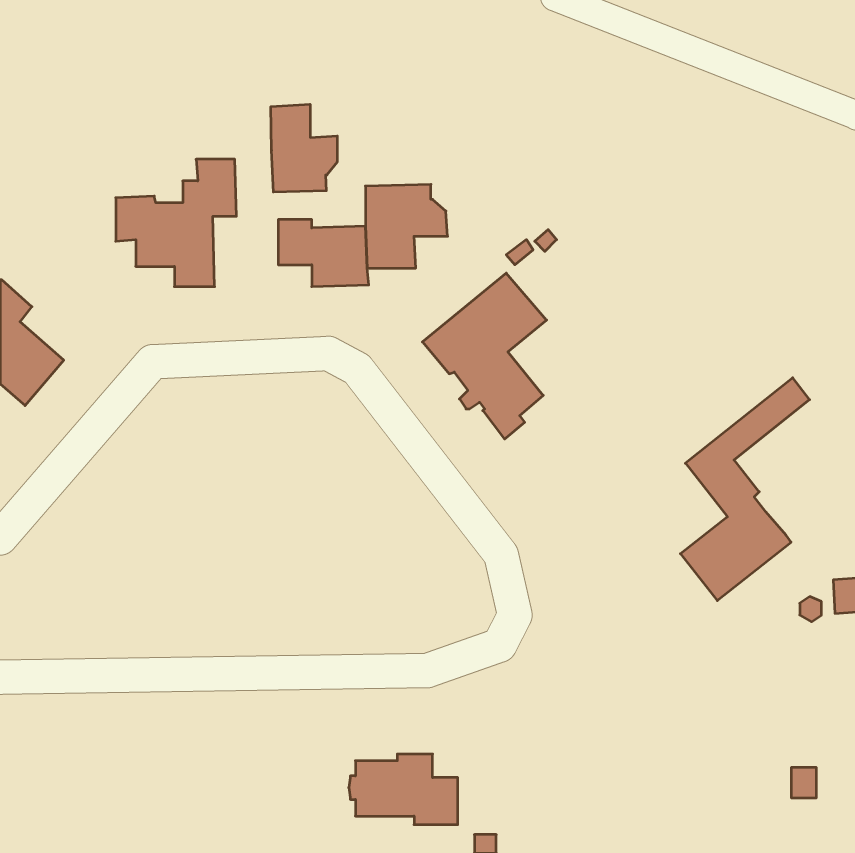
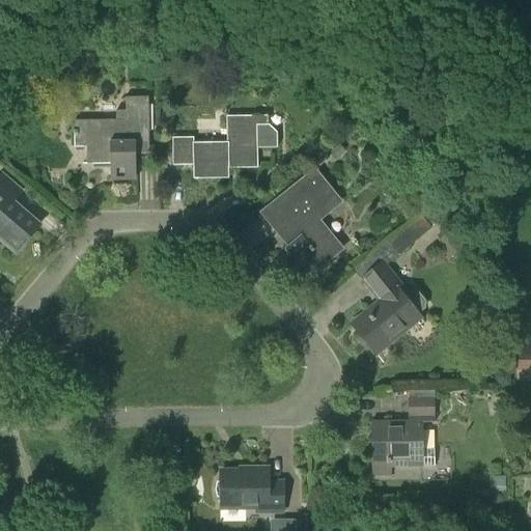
building: [271,104,337,192] -> none
building: [680,378,810,601] -> [353,214,432,352]
building: none -> [372,402,436,476]

